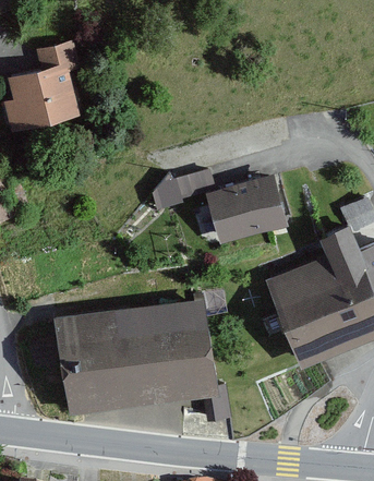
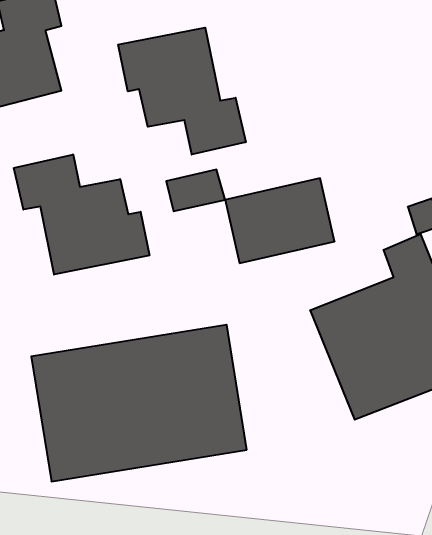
building: none -> [118,28,246,155]
building: none -> [14,154,149,275]

